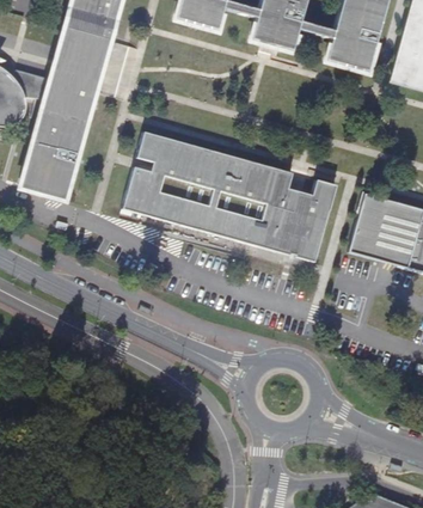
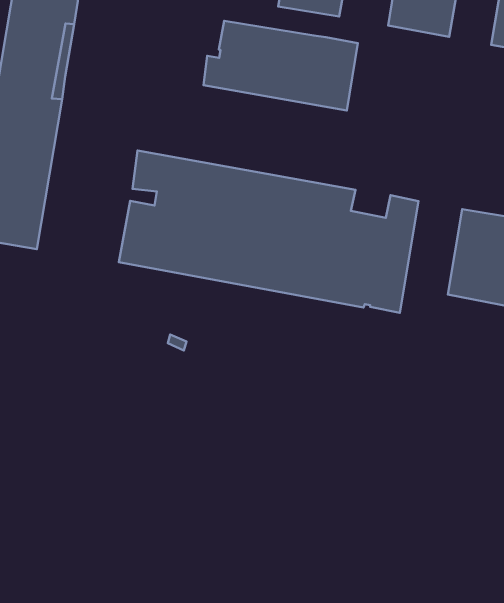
building: none -> [203,21,358,110]

